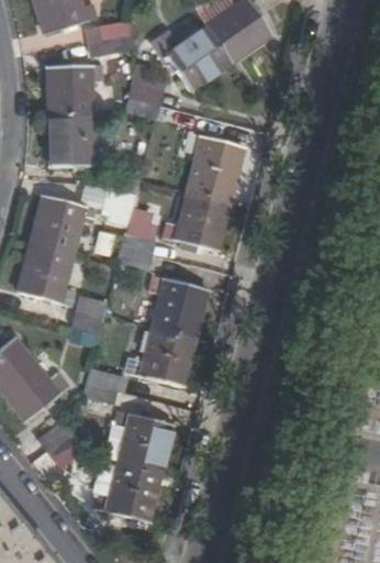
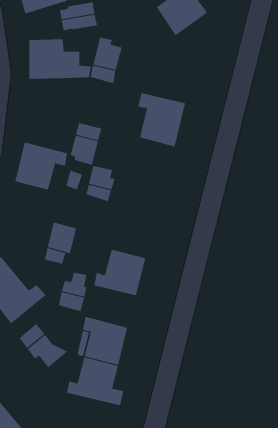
building: [150,25,232,91] -> none
building: [48,114,107,166] -> none
building: [163,188,232,251] -> none
building: [18,243,77,307] -> none
building: [149,275,209,339] -> none

